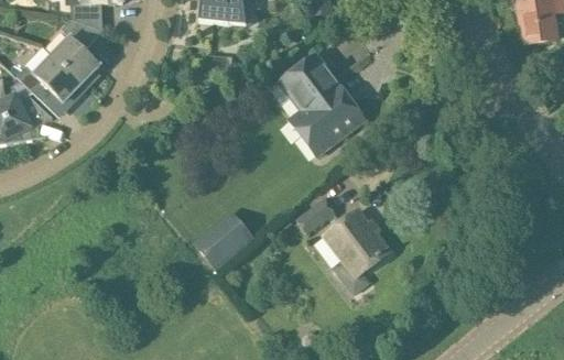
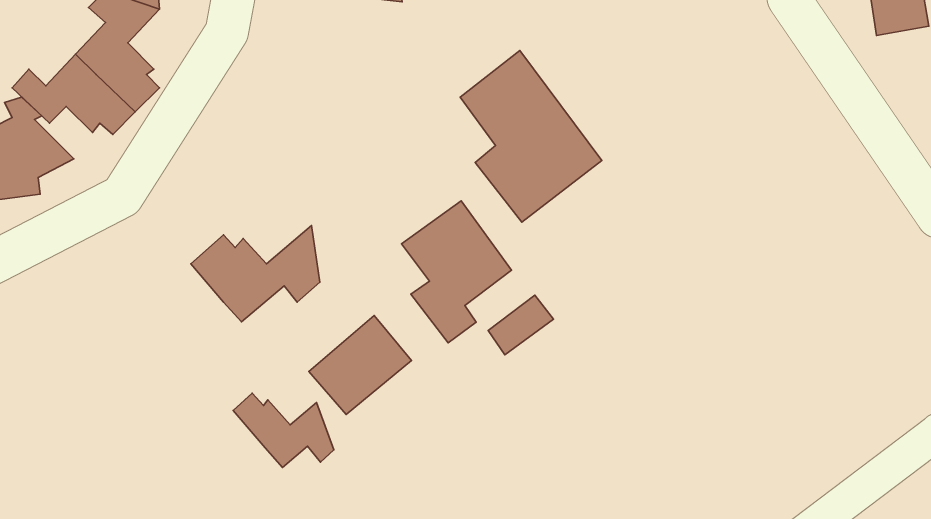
building: none -> [191,225,320,322]
building: [324,207,389,291] -> [402,201,512,343]
building: none -> [233,393,334,467]

